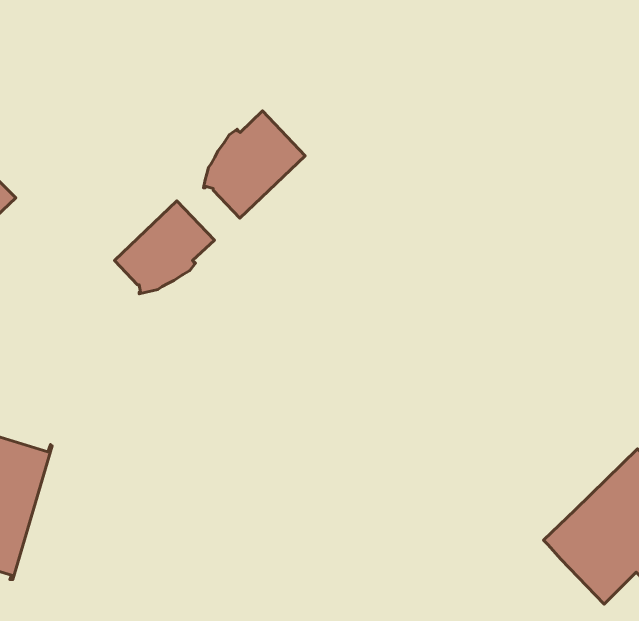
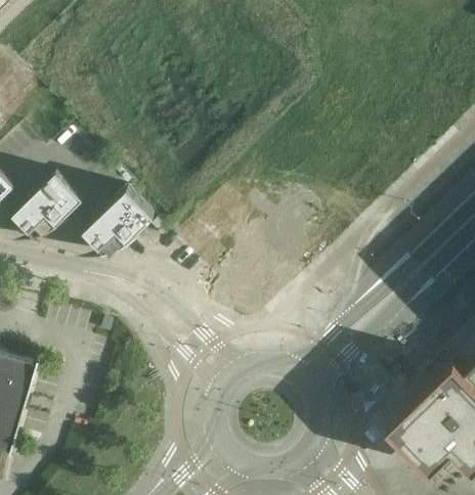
building: [204,111,305,218] -> none
building: none -> [12,173,82,239]

